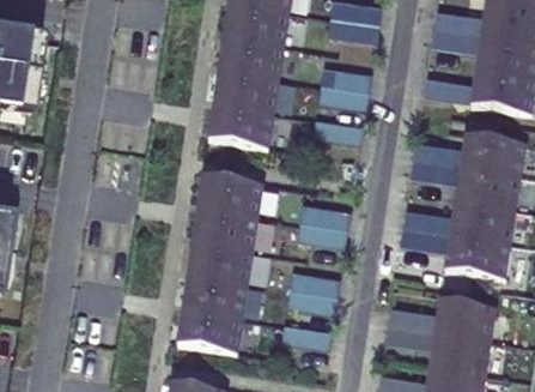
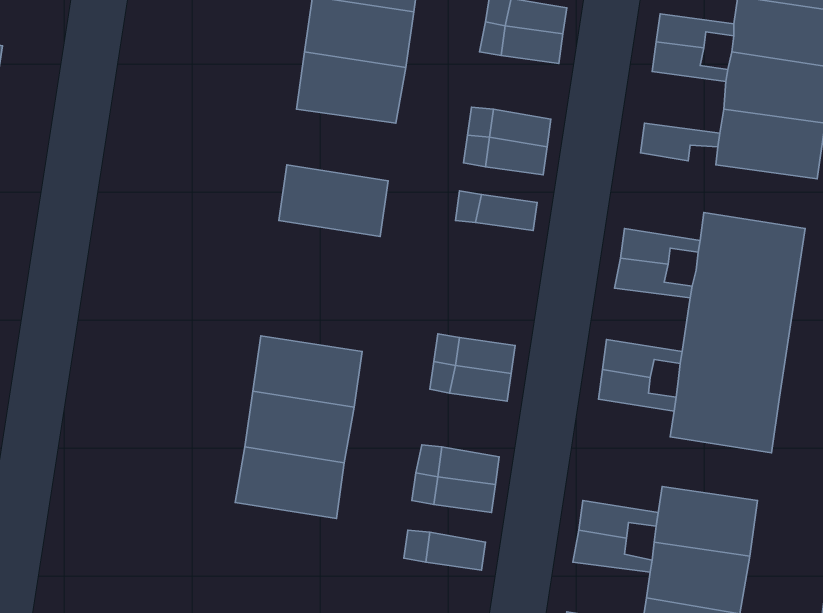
building: [212,72,278,115] -> none
building: [196,175,262,218] -> none
building: [176,309,242,352] -> none

